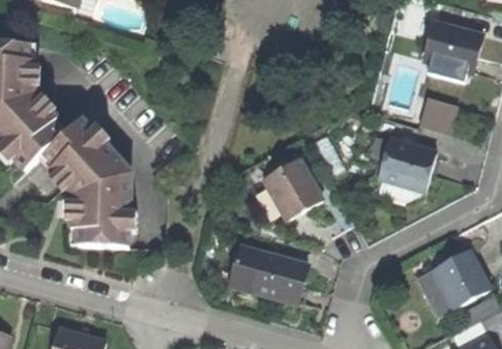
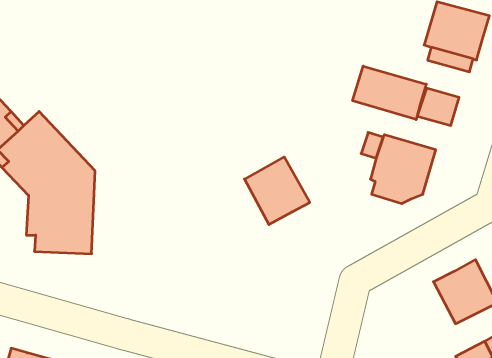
building: none -> [353,66,426,120]
building: [231,246,307,302] -> none
building: [414,269,453,317] -> none

